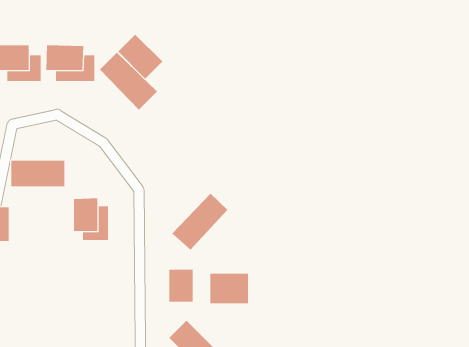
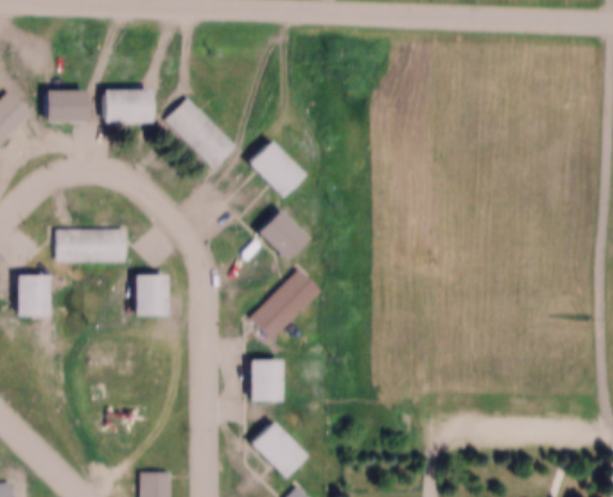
building: [117,34,163,79] -> [245,140,301,195]
building: none -> [256,210,305,259]
building: [210,273,249,304] -> none

